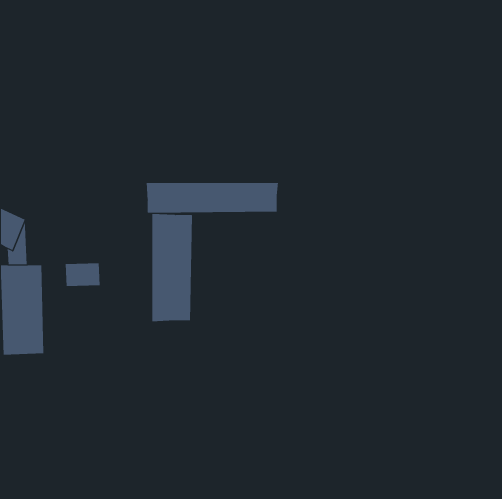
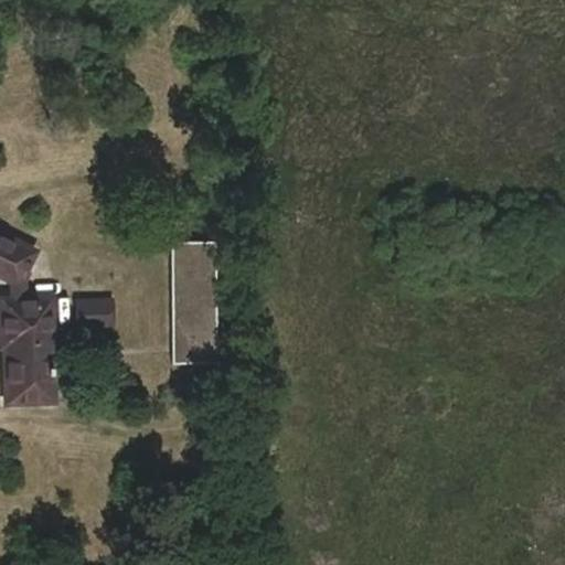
building: [146,182,278,214] -> none

